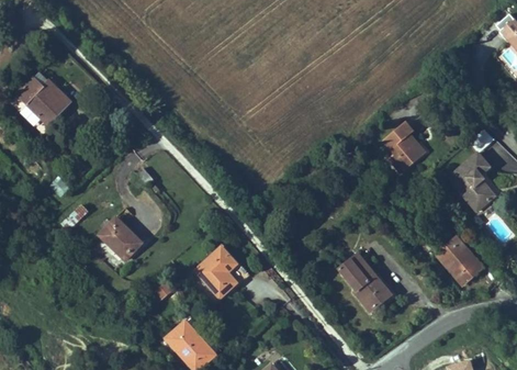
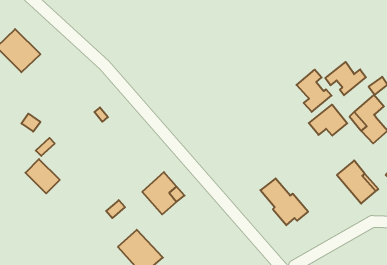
building: none -> [325,62,366,95]
building: none -> [309,105,347,136]
building: [100,218,142,260] -> [25,159,60,193]

